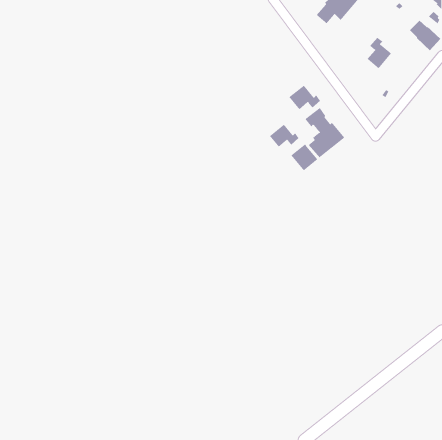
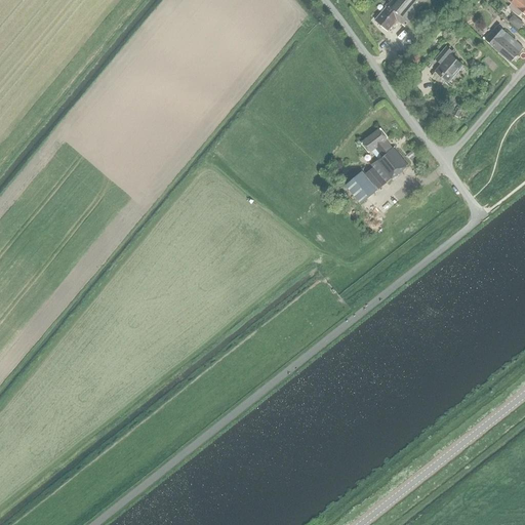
building: [289,85,321,110] -> none
building: [269,124,299,148] -> none

